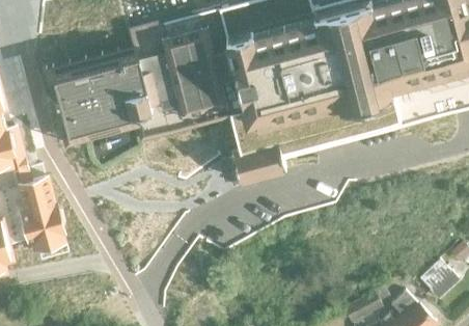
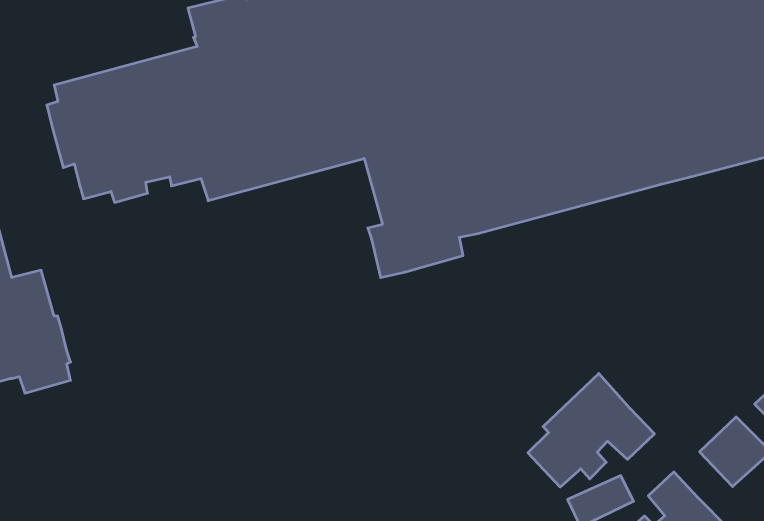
building: none -> [528,373,654,487]

